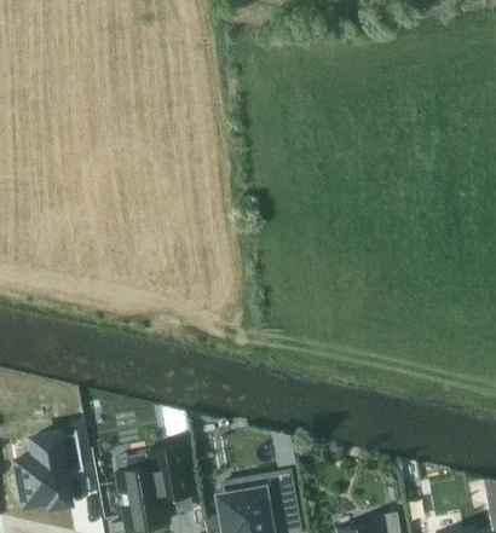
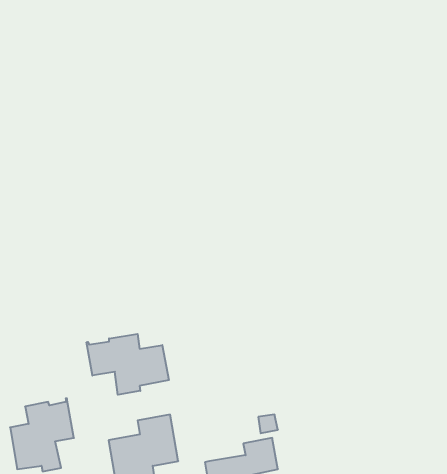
building: none -> [87,334,169,395]

